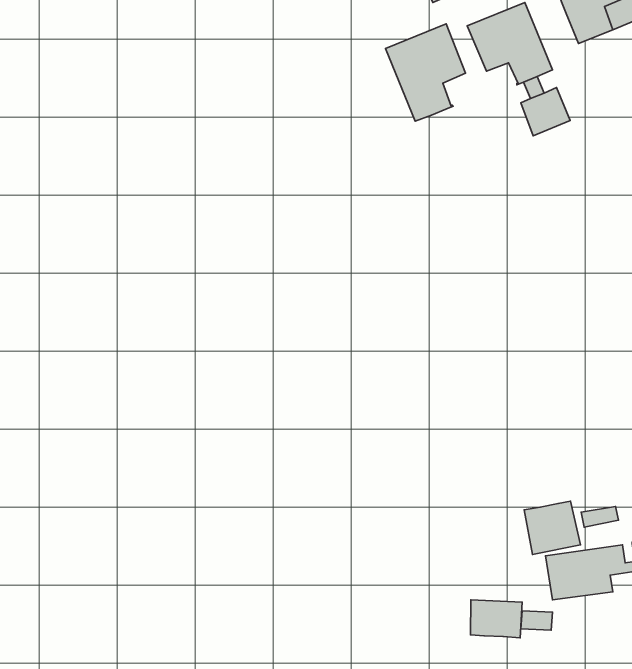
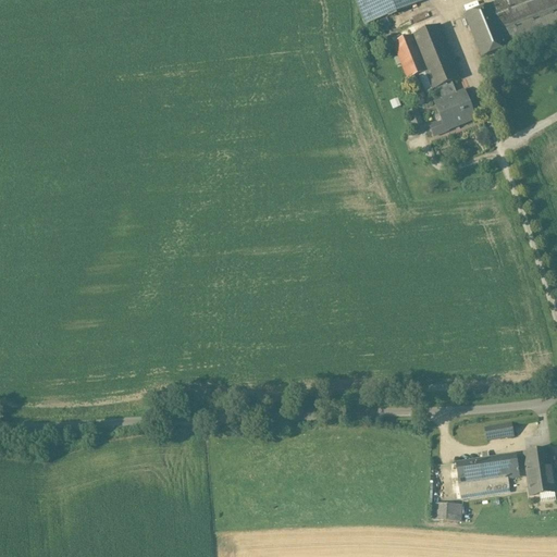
building: [386,24,465,121] -> none
building: [524,501,581,555] -> none
building: [471,600,522,638] -> none

